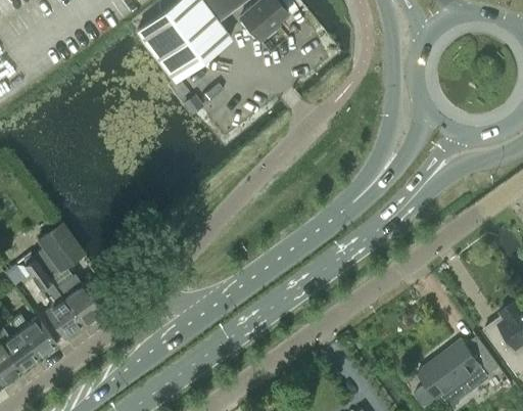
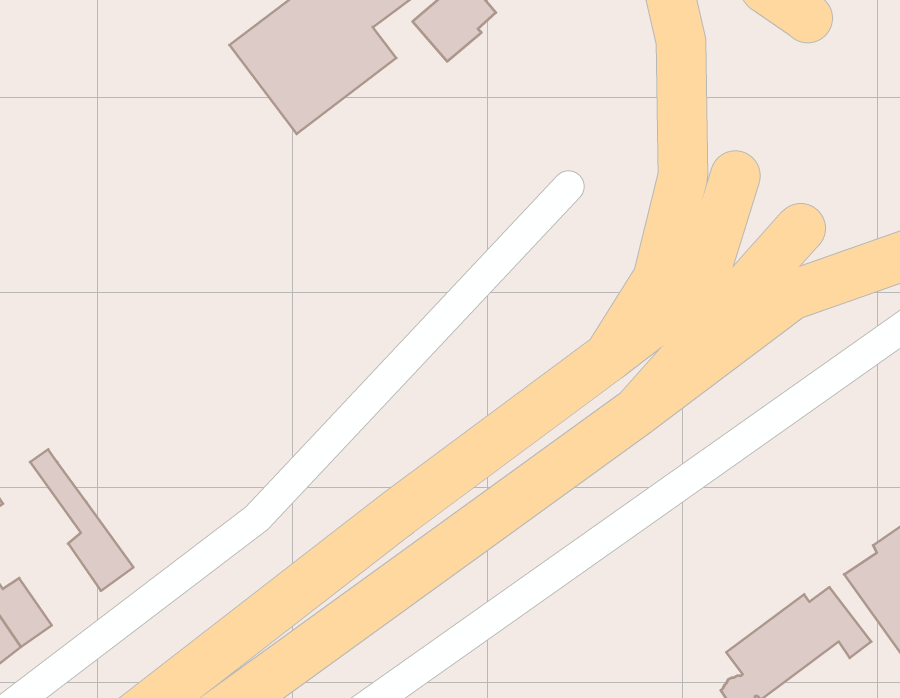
building: [37,224,85,279] -> none
building: [57,276,102,326] -> none
building: [13,316,57,359] -> none

